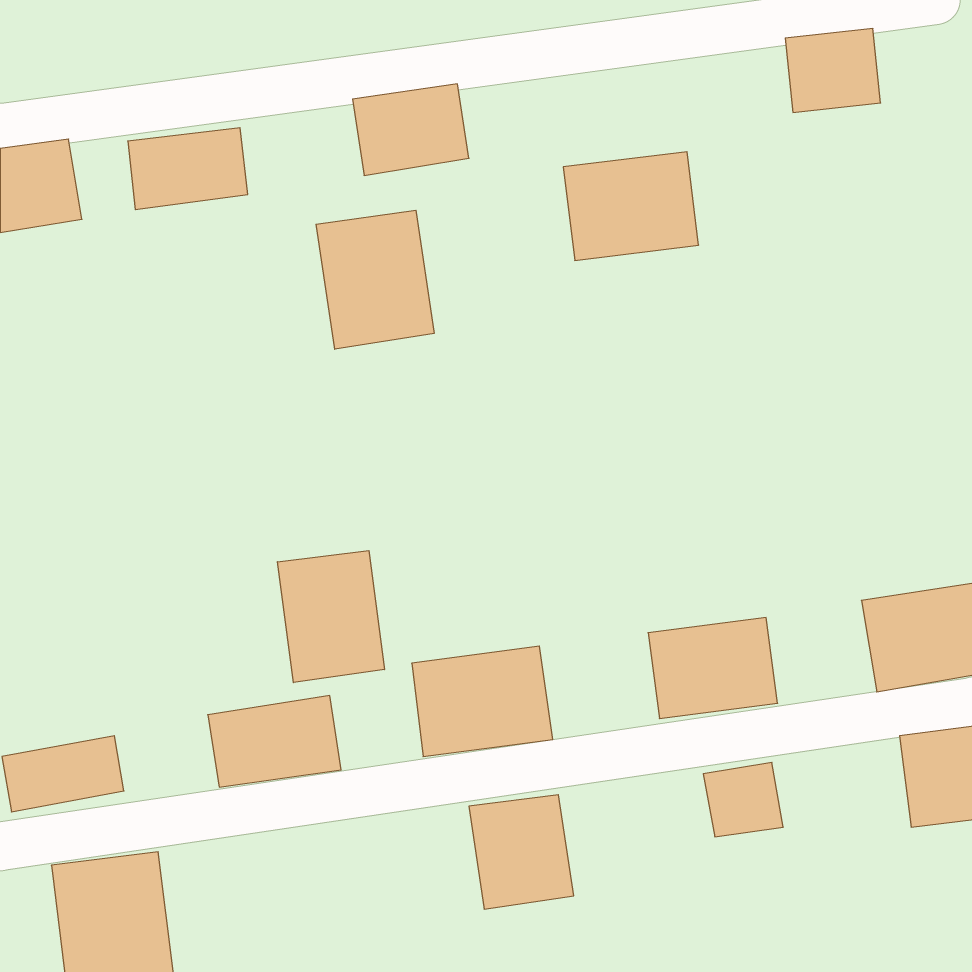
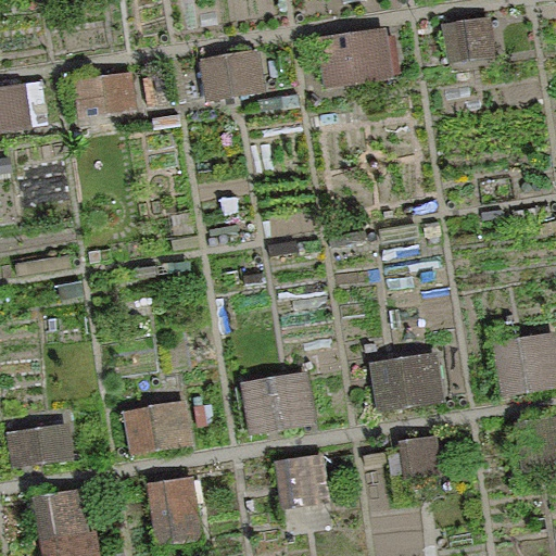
building: [563,152,699,260] -> [319,26,396,88]
building: [316,210,434,349] -> none
building: [277,551,384,683] -> none
building: none -> [143,469,205,547]

